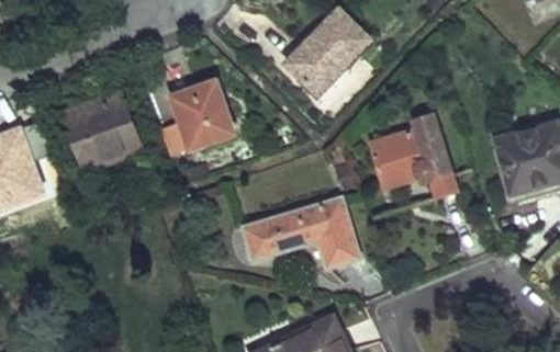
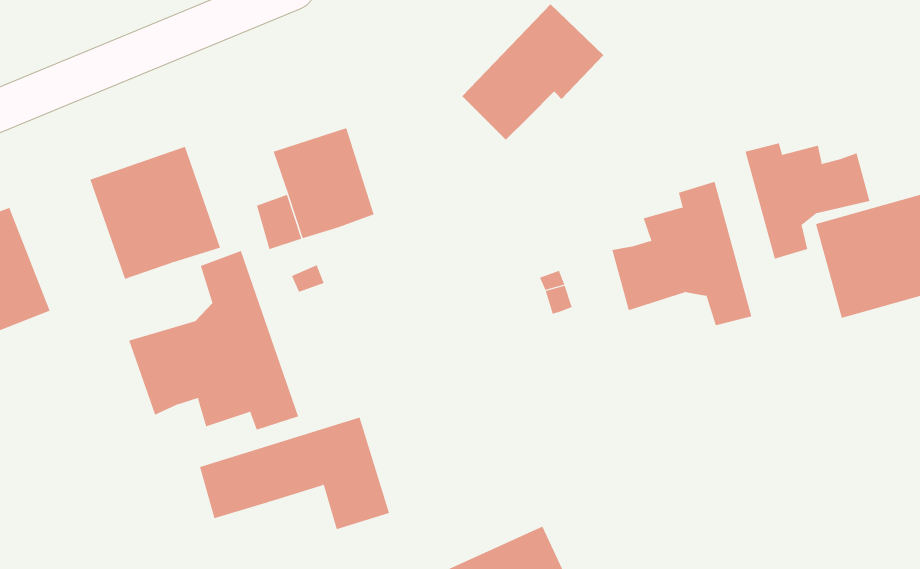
building: none -> [745,143,870,259]
building: none -> [129,250,299,430]
building: [245,198,358,265] -> [199,417,390,530]

